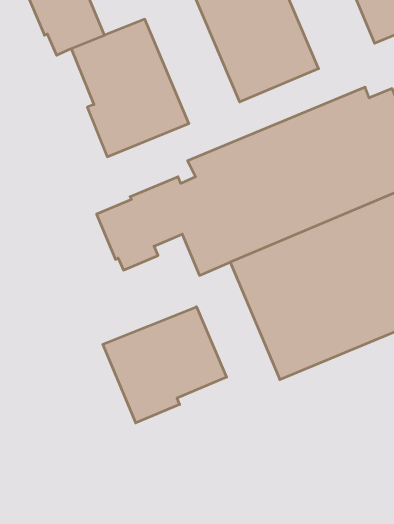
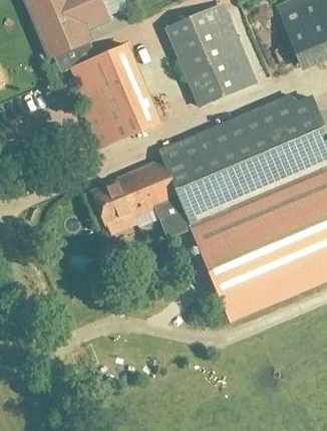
building: [103,307,227,423] -> none

